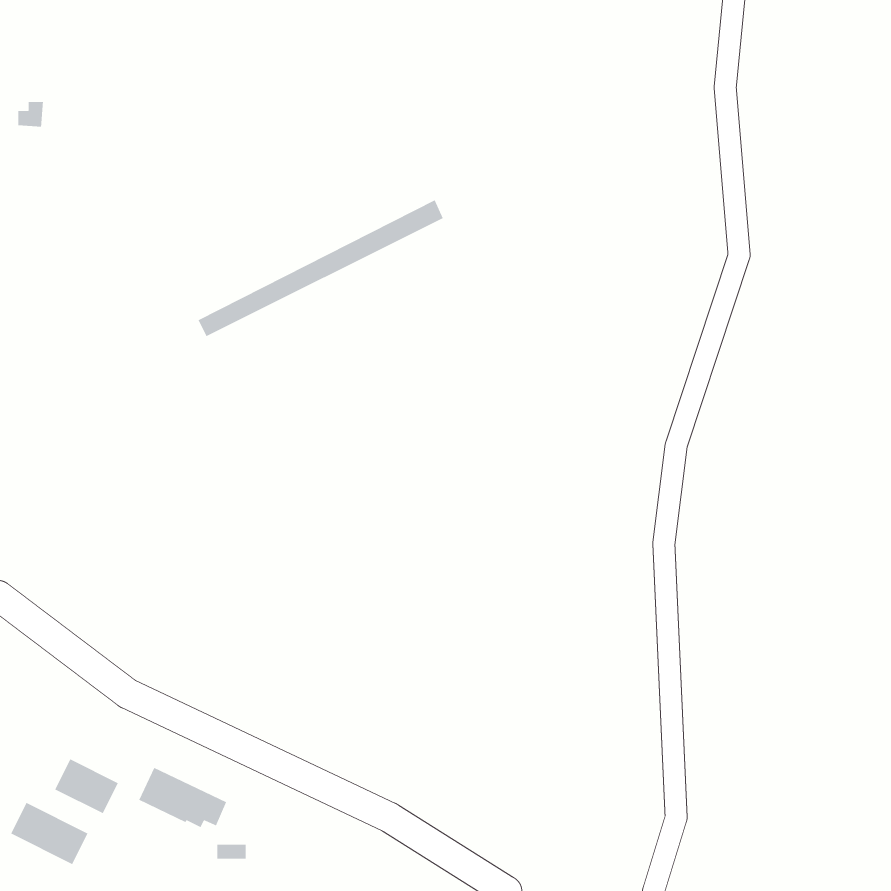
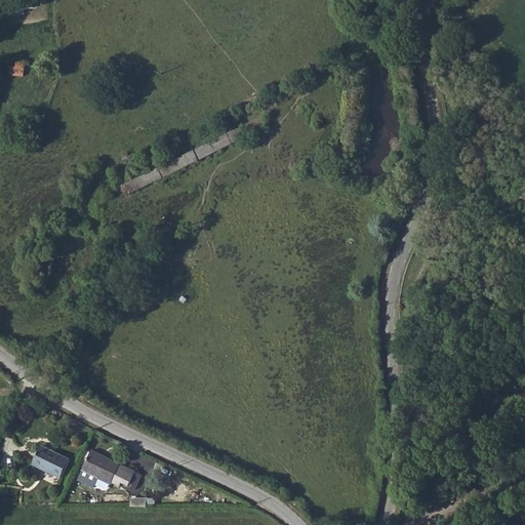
building: [10,802,88,865] -> none

